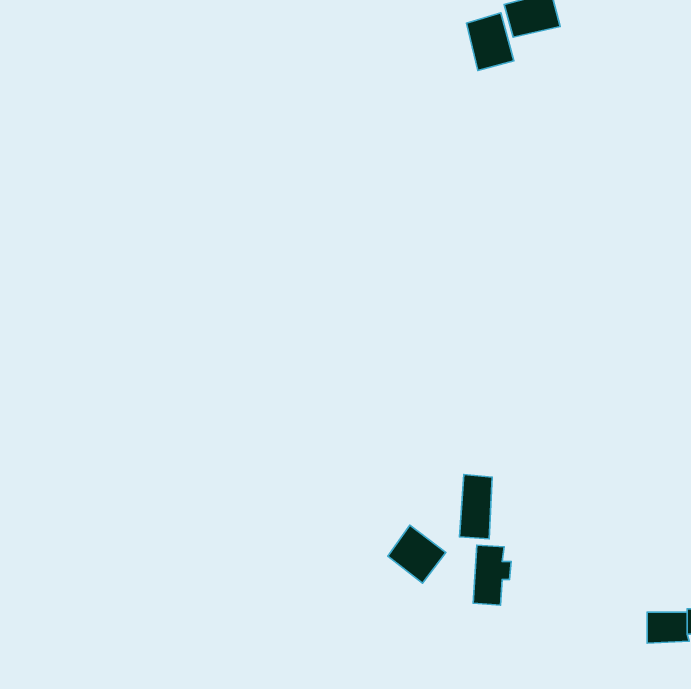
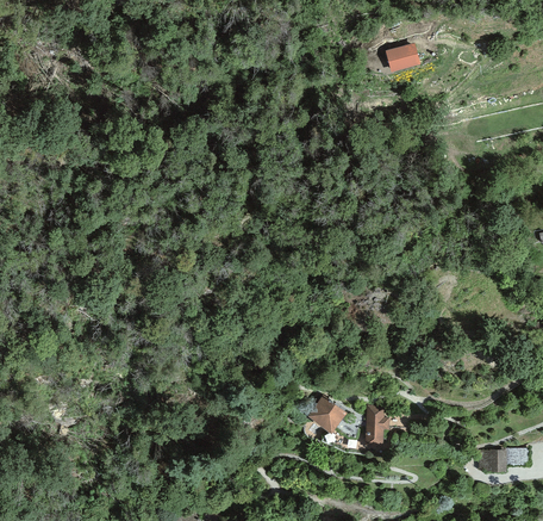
building: [466,13,514,70] -> none
building: [459,475,492,539] -> none

